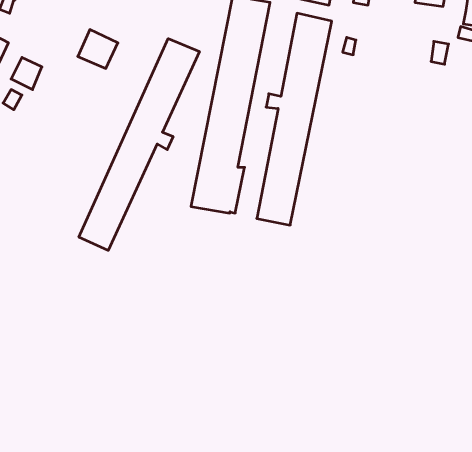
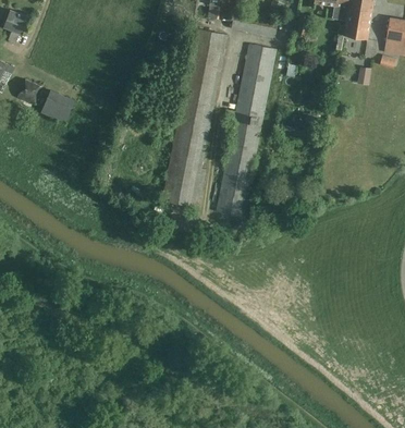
building: [78,30,118,68] -> [39,90,72,122]
building: [79,39,199,250] -> none

